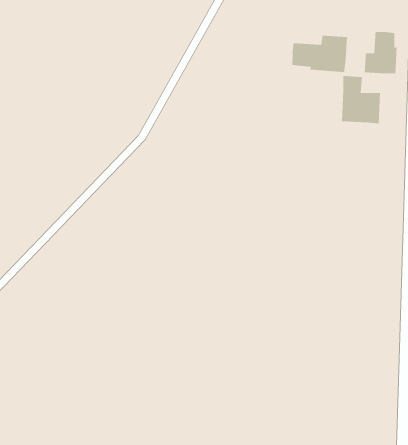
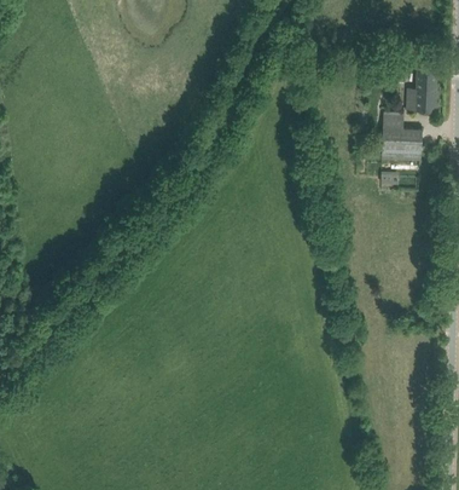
building: [292,35,348,73] -> none

